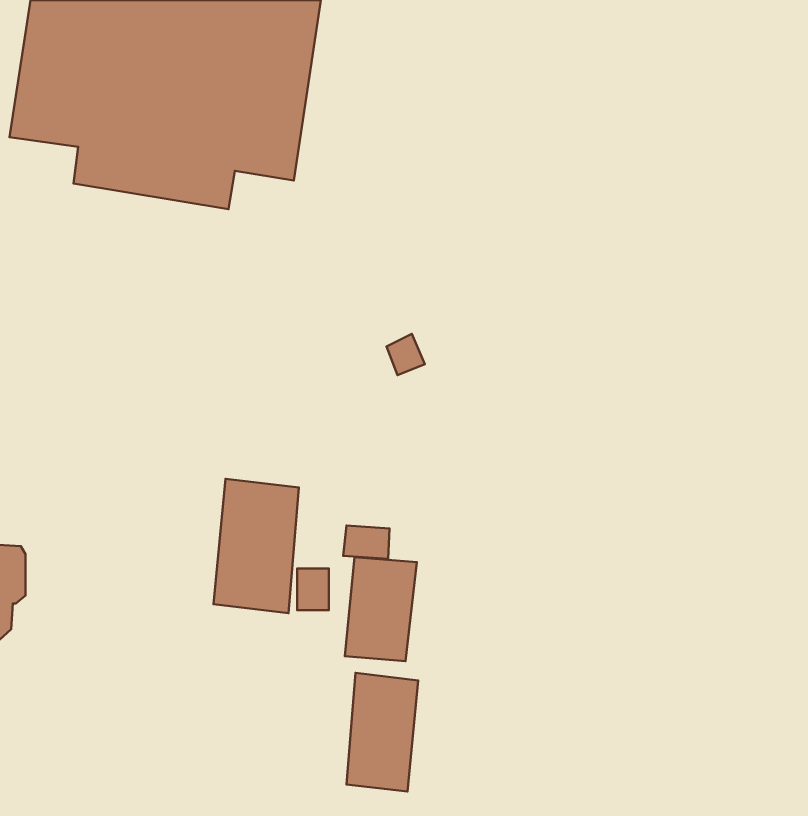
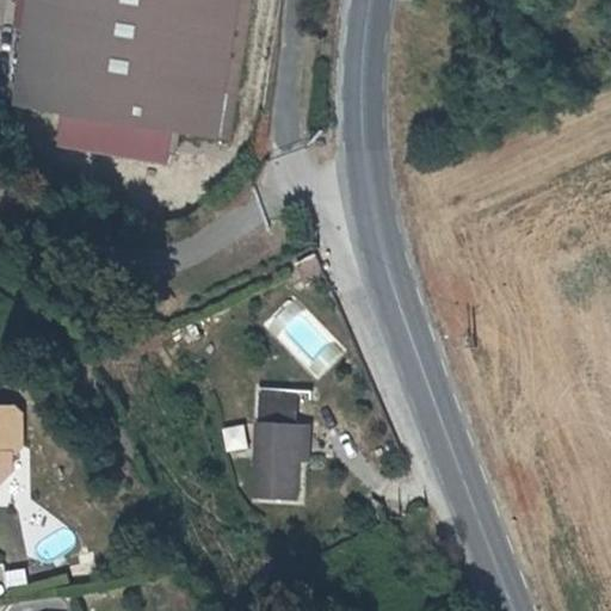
building: [213,479,299,613] -> none
building: [346,673,418,792] -> none

